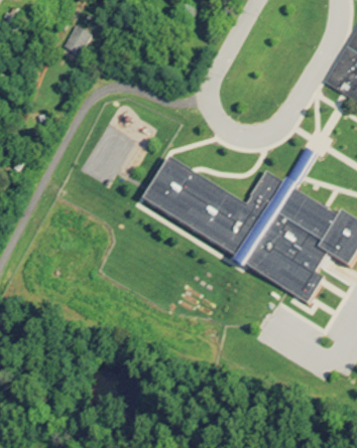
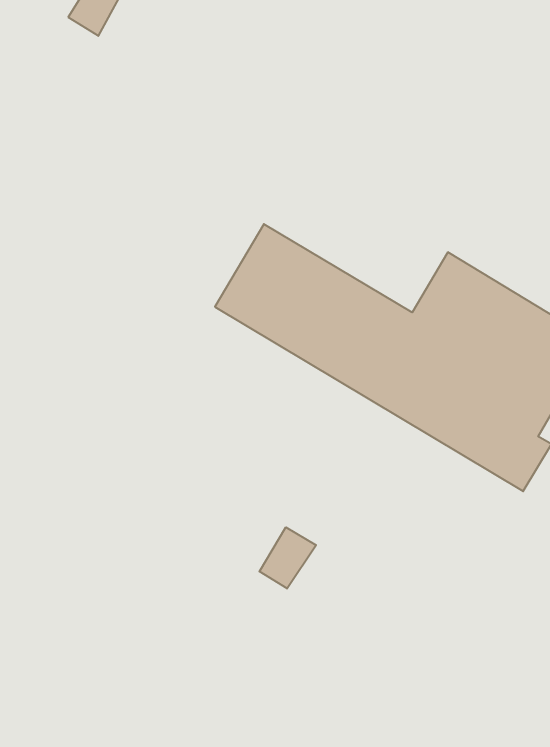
building: none -> [259,527,316,589]

